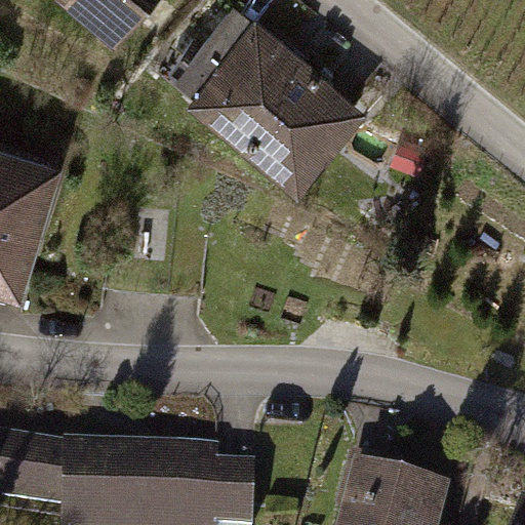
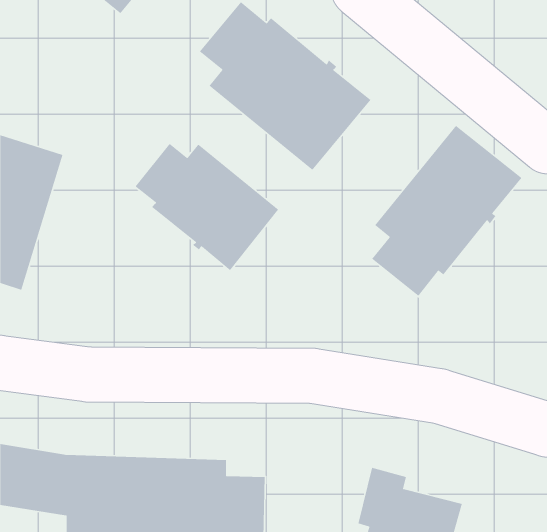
building: none -> [371,125,523,297]
building: none -> [135,143,279,271]

